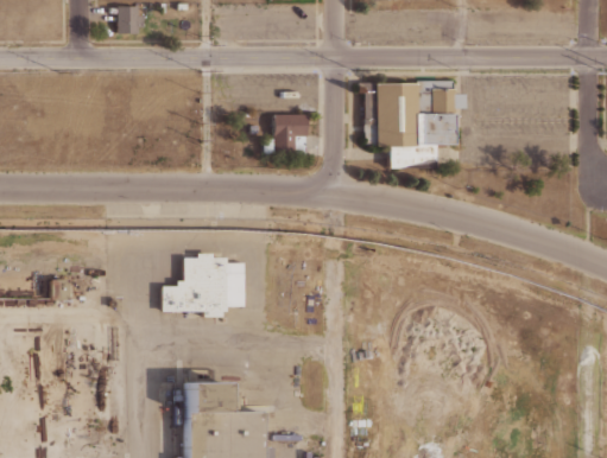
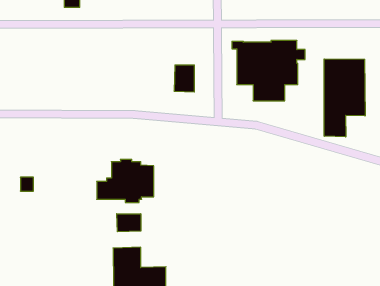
building: none -> [324,59,365,137]
building: none -> [117,214,141,232]

